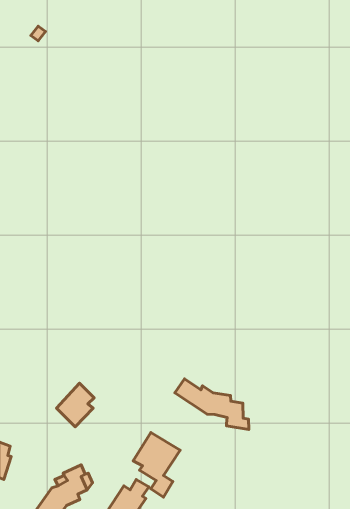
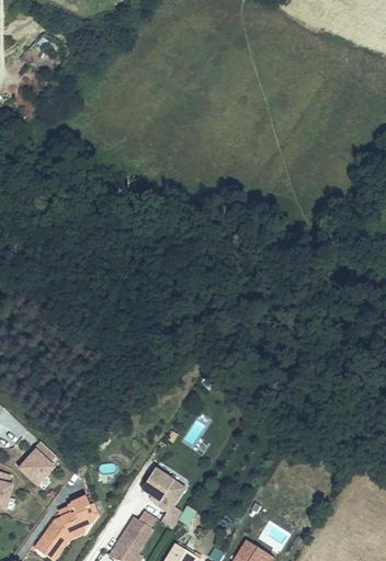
building: [175,379,249,430] -> none
building: [57,383,94,427] -> [15,442,55,488]

